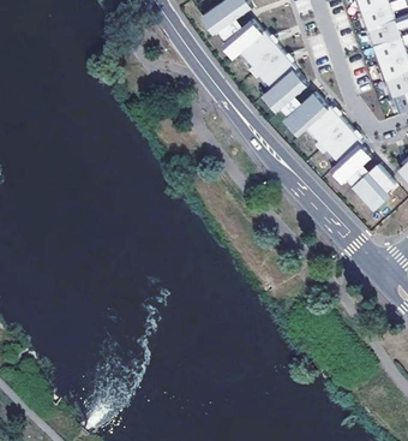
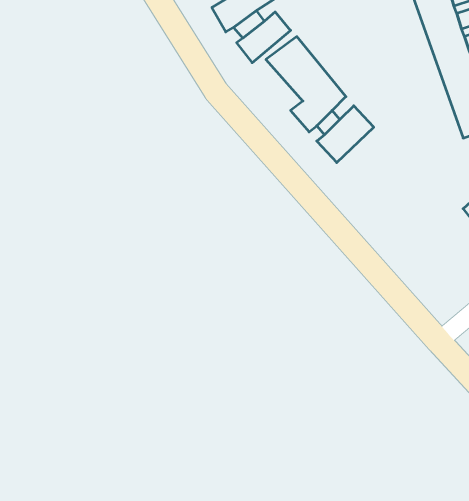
building: [313,112,373,183] -> none
building: [353,161,397,208] -> none

